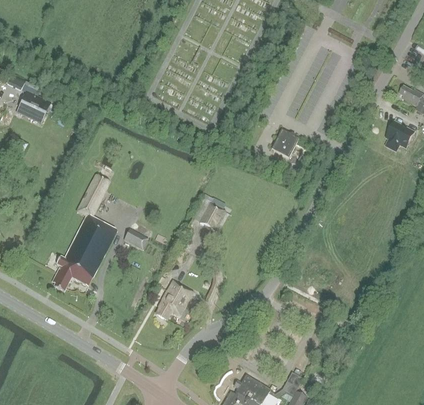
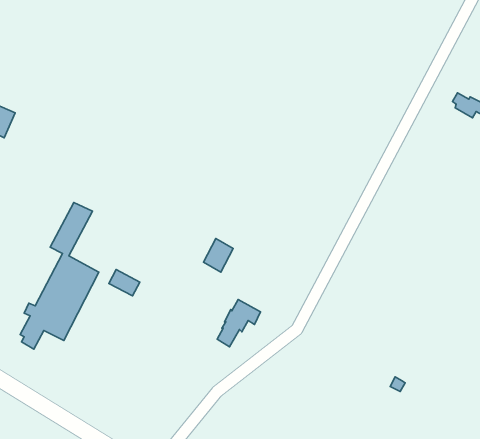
building: [386,121,415,150] -> none
building: [271,128,299,157] -> none
building: [156,281,191,319] -> [217,299,261,347]

